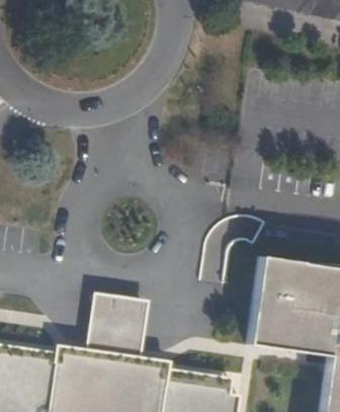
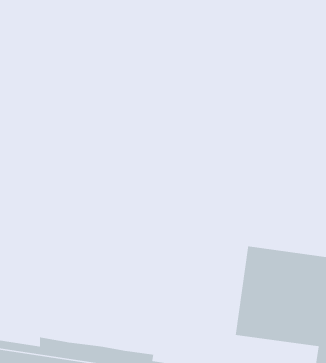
building: [87,293,150,359] -> none

